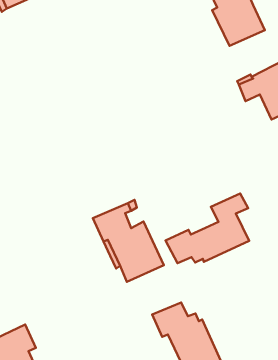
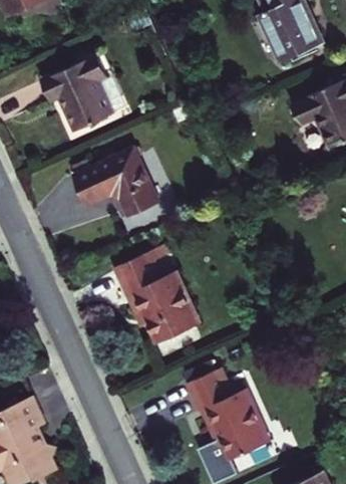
building: none -> [42,55,113,131]
building: none -> [75,148,159,215]
building: [166,194,249,263] -> none

